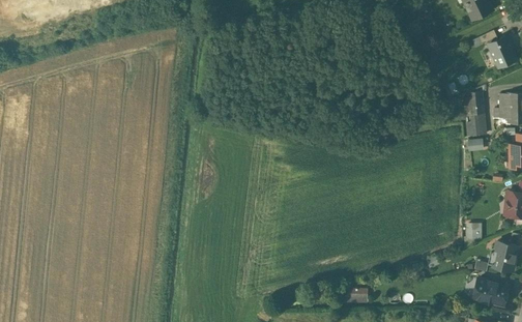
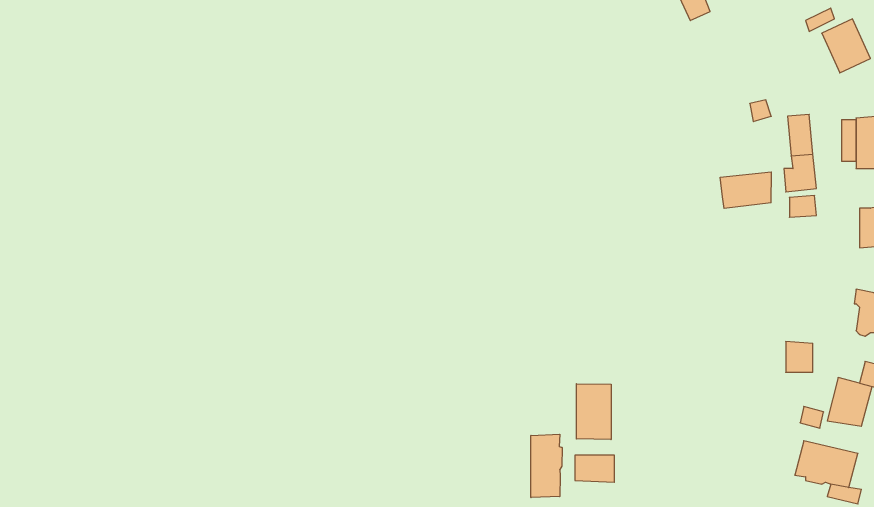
building: none -> [720,172,771,208]
building: none -> [576,384,611,440]
building: none -> [531,434,562,498]

